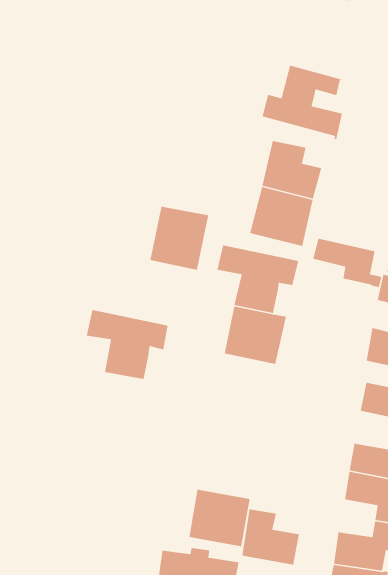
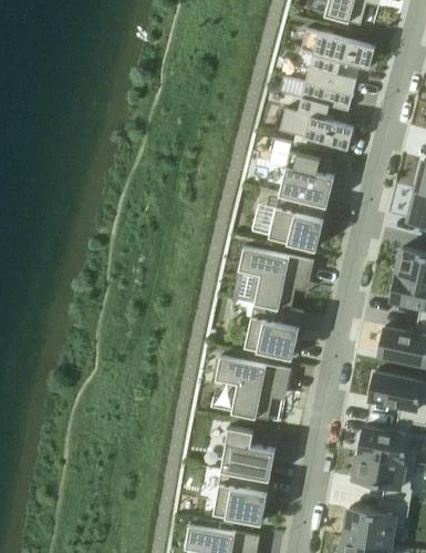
building: none -> [300,30,375,98]
building: [149,206,209,271] -> none
building: [312,238,382,288] -> none
building: [86,309,169,380] -> [215,357,290,421]
building: [240,508,300,566] -> [220,428,274,480]

